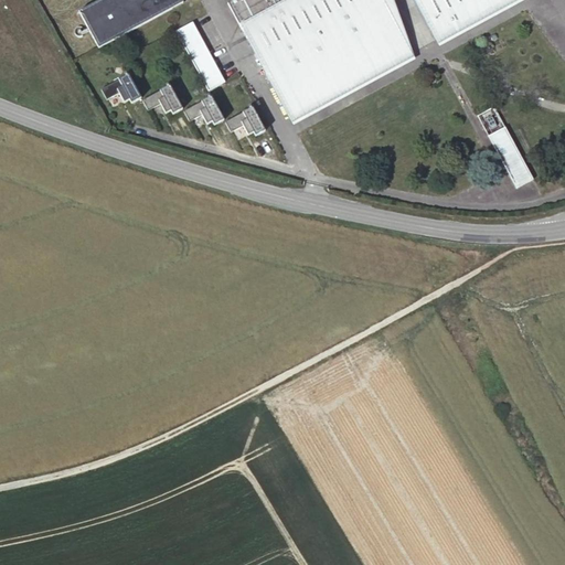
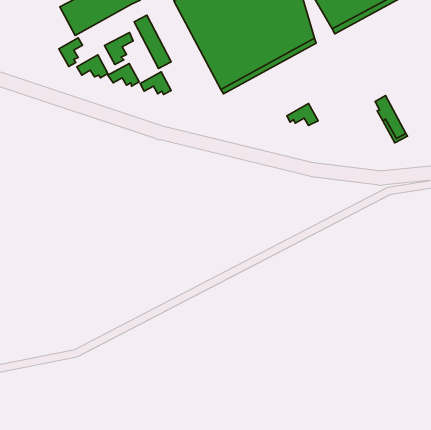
building: none -> [105,32,133,64]
building: none -> [59,38,82,67]
building: [224,105,265,135] -> none
building: none -> [287,104,318,126]

